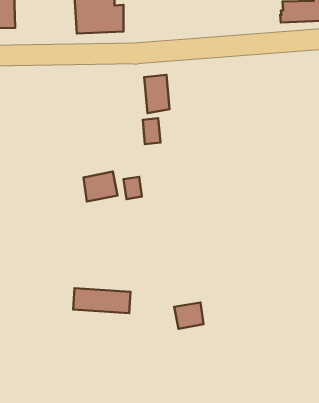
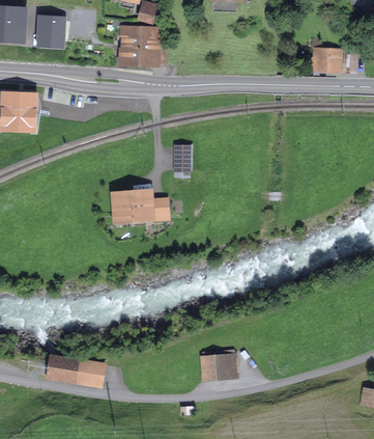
building: [144,75,170,113] -> none
building: [73,288,131,313] -> [49,356,104,384]
building: [174,302,204,329] -> [202,355,228,378]

